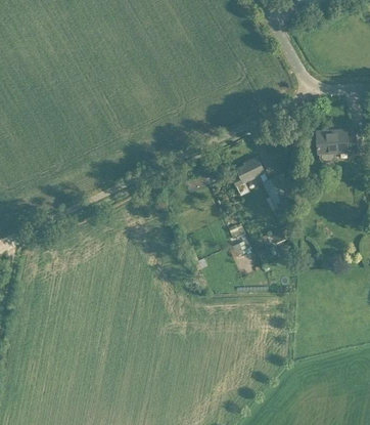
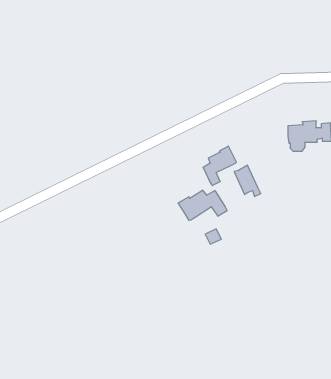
building: none -> [178,190,227,220]

